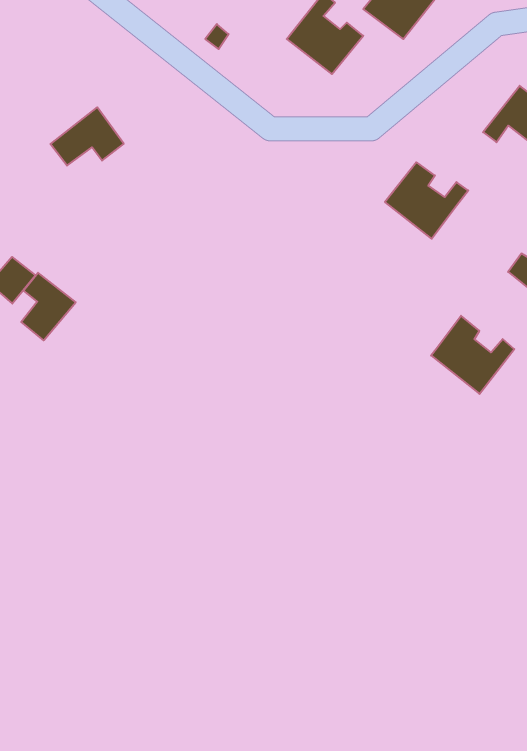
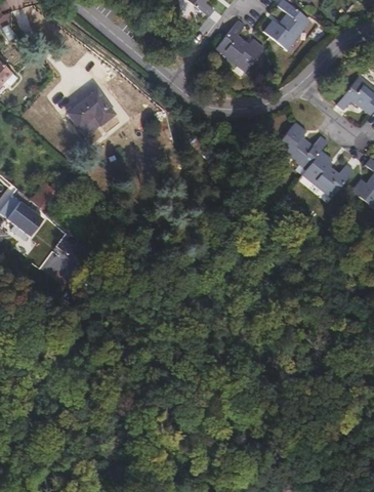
building: [21,273,76,340] -> none
building: [431,316,514,394] -> [301,152,352,200]

